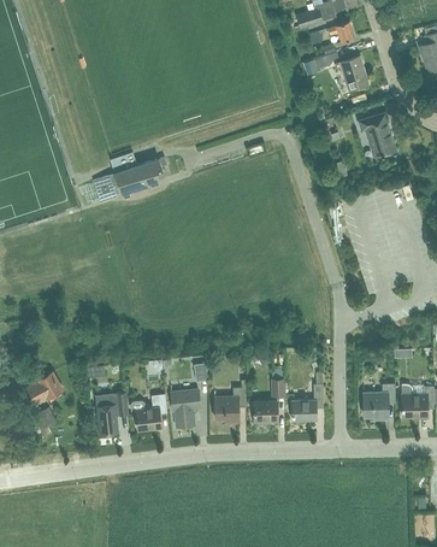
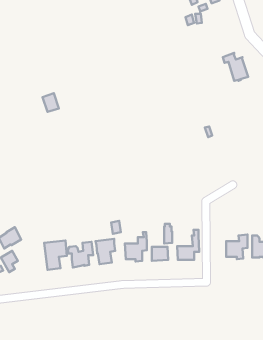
building: [339,58,366,92] -> none
building: [114,160,163,200] -> none

